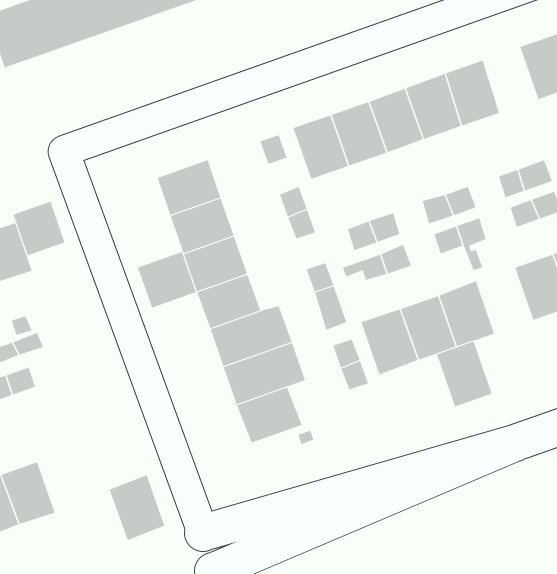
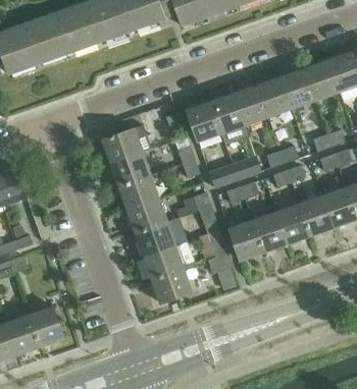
building: none -> [303,59,337,100]
building: [13,201,65,256] -> none
building: [137,251,197,309] -> none
building: [436,341,493,407] -> [299,194,334,235]
building: [109,475,165,541] -> [29,304,63,345]

